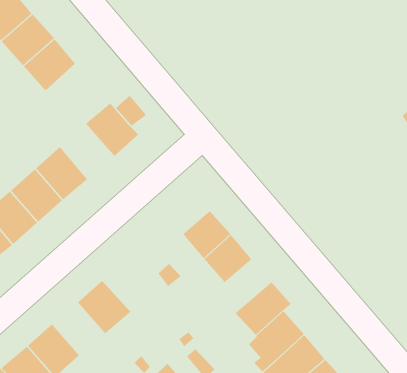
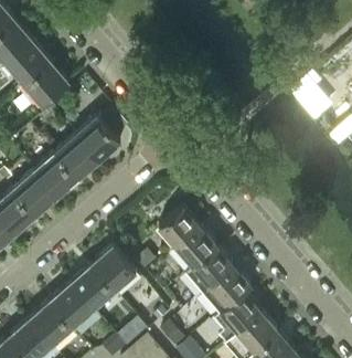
building: none -> [54,134,99,180]
building: none -> [89,246,135,292]
building: none -> [184,248,232,293]
building: none -> [47,284,92,328]

